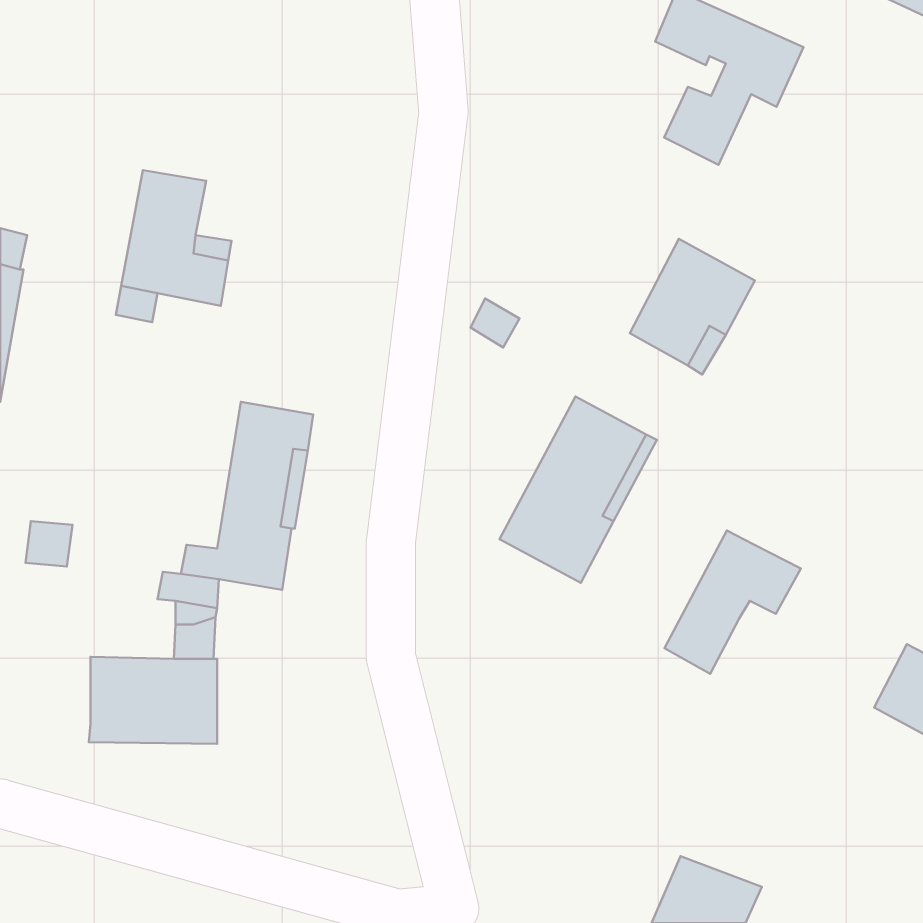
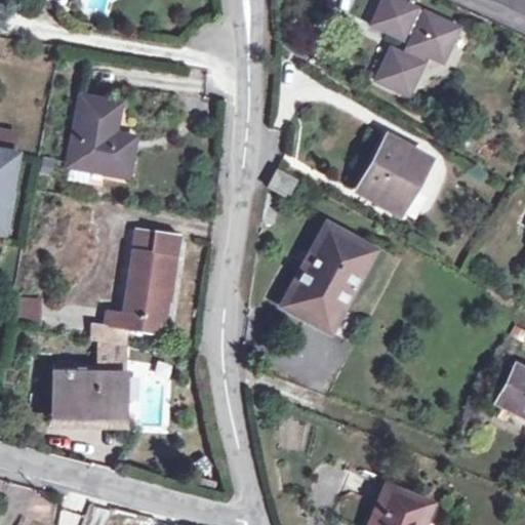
building: [664,531,801,674] -> none

